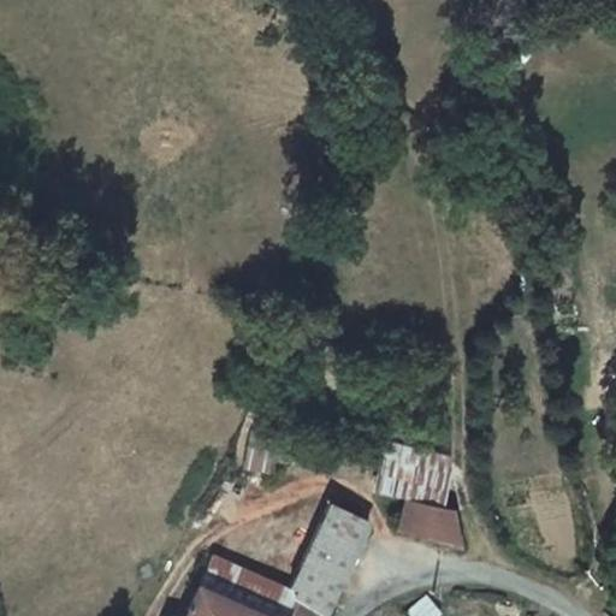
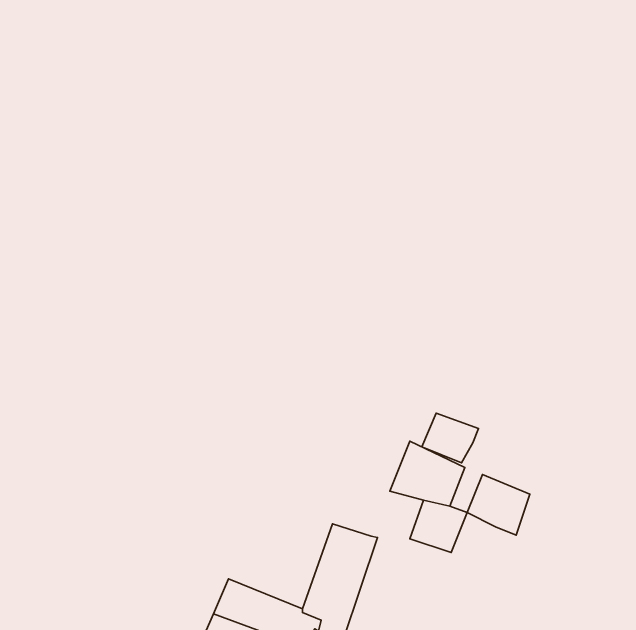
building: none -> [422,413,479,463]
building: none -> [467,474,530,535]

